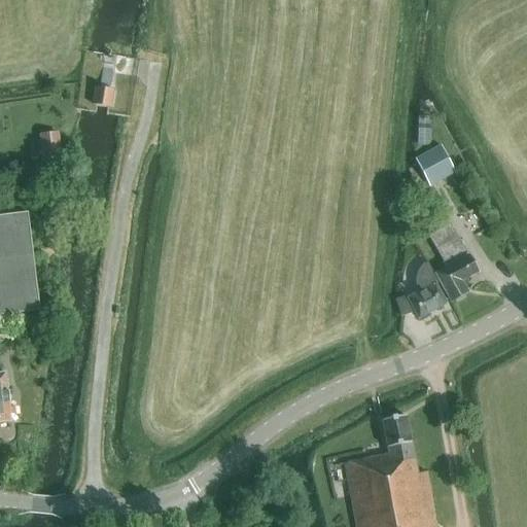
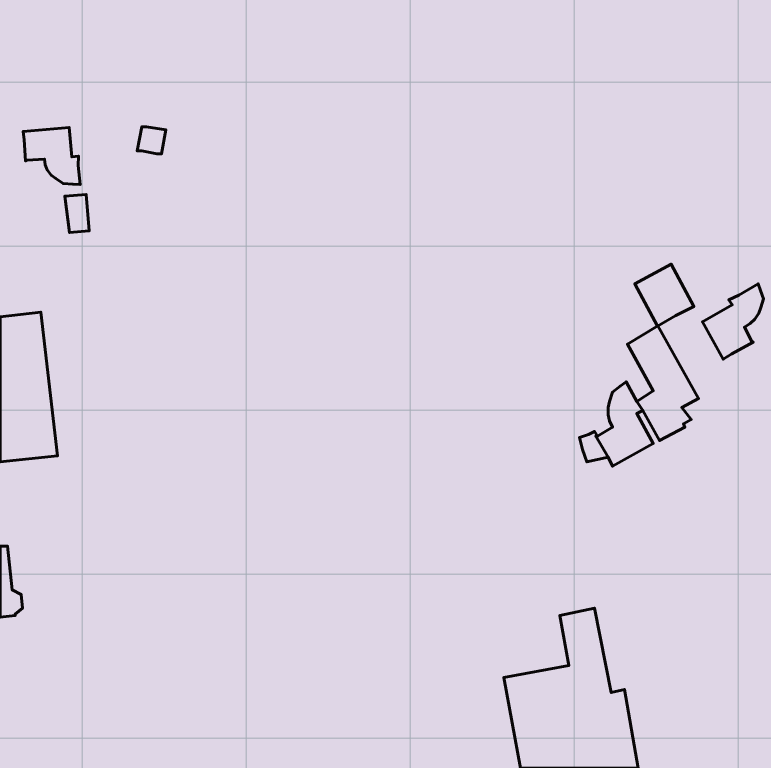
building: none -> [23,128,80,184]
building: [415,144,455,186] -> [635,264,694,326]
building: none -> [702,284,763,359]

